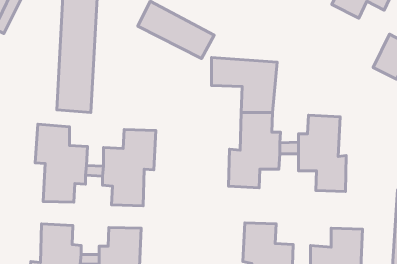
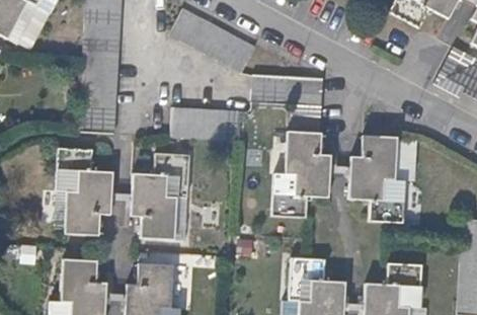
building: none -> [171,108,242,141]

